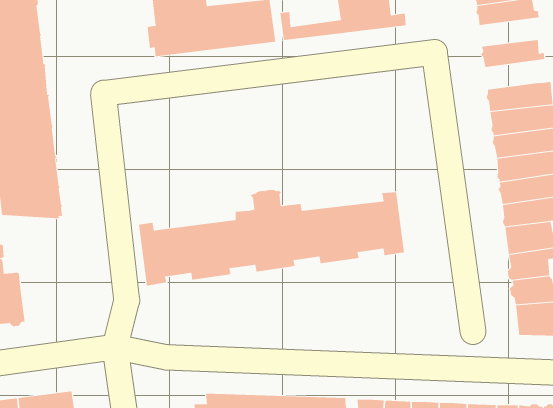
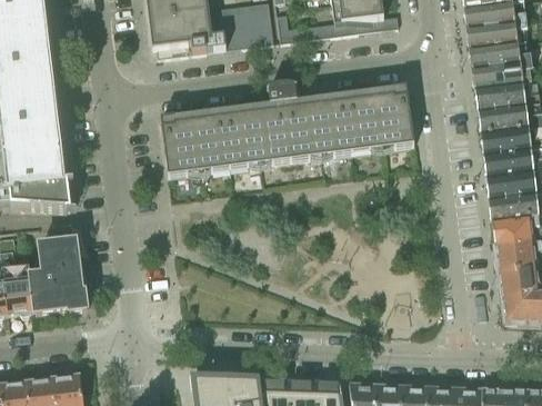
building: none -> [466,18,525,46]
building: none -> [472,58,531,87]
building: [138,189,405,286] -> [160,83,414,176]
building: none -> [30,240,87,313]

